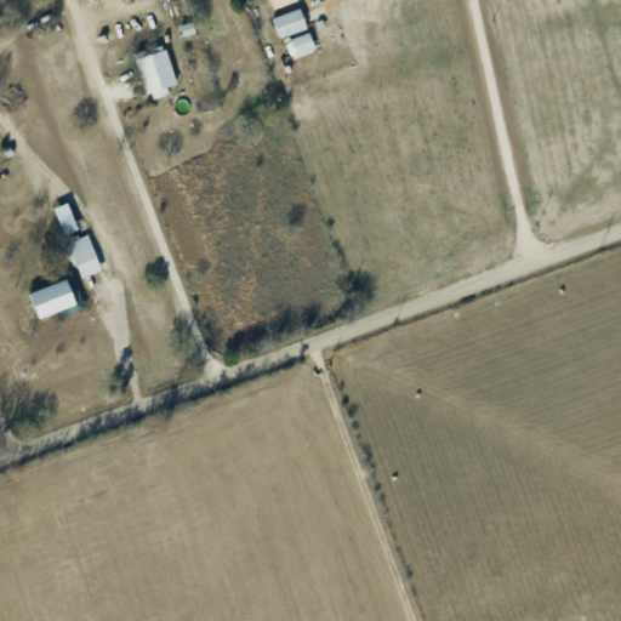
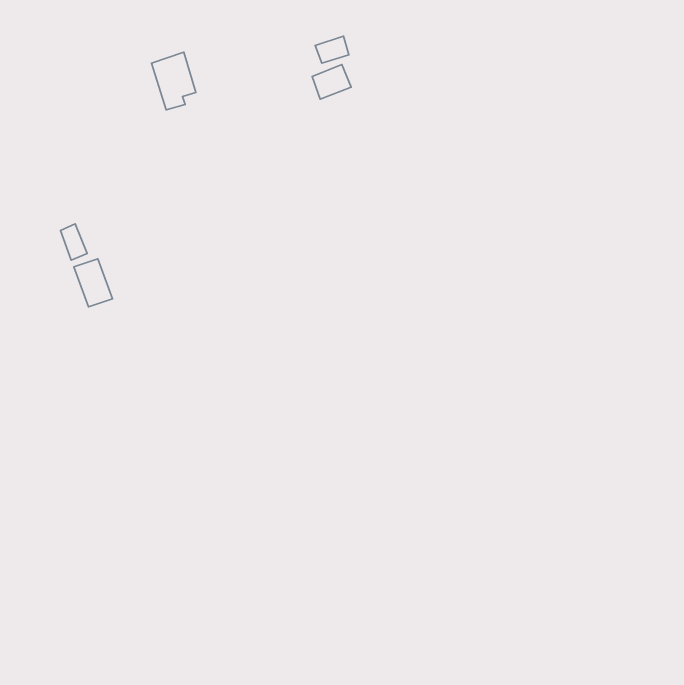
building: [273,7,308,39] -> [312,64,351,99]
building: [32,279,78,319] -> none

